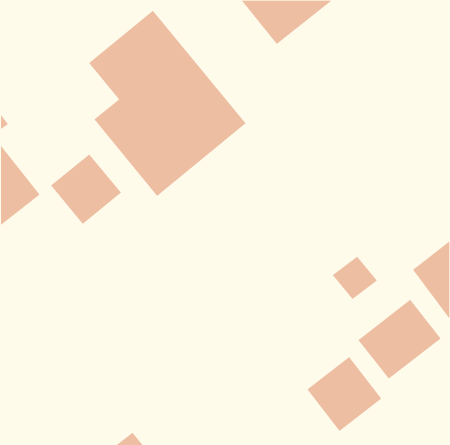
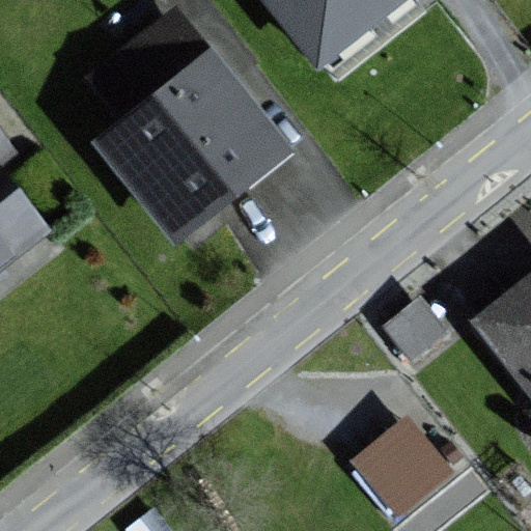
building: [50,153,122,225] -> none
building: [358,299,442,380] -> none

